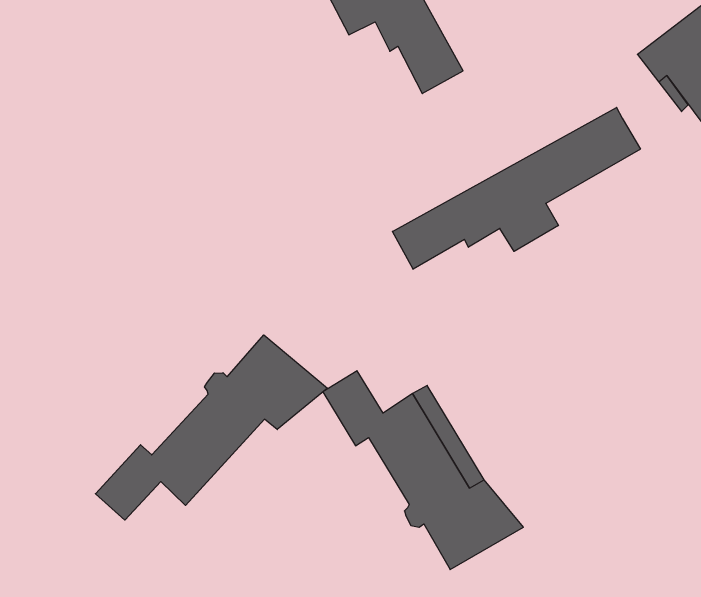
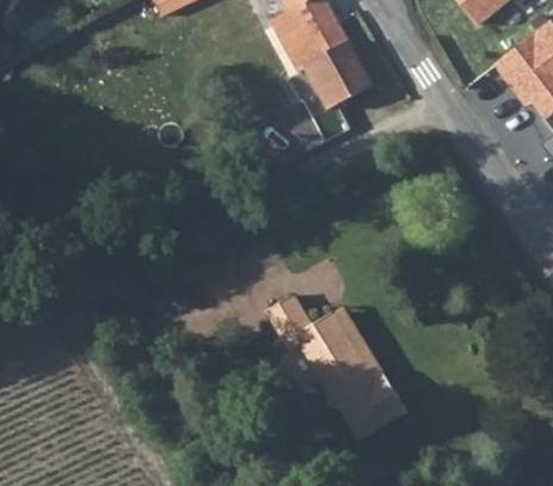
building: [392,107,640,269] -> none
building: [95,335,327,520] -> none

